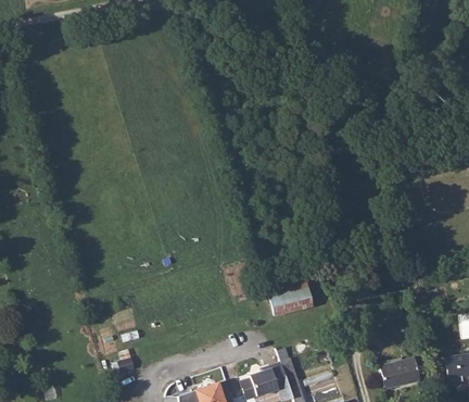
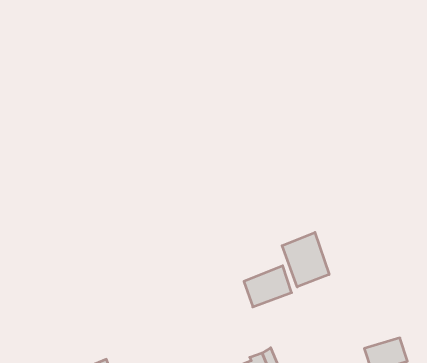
building: none -> [282,232,329,287]

